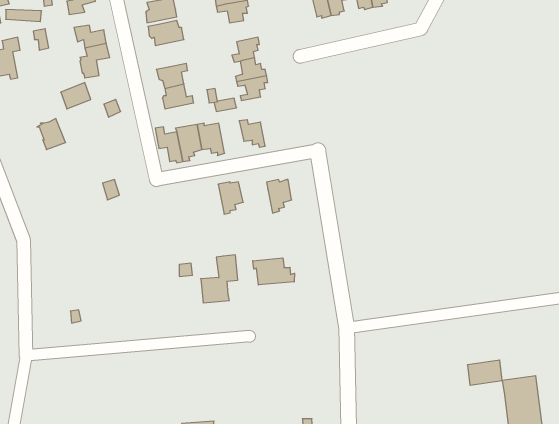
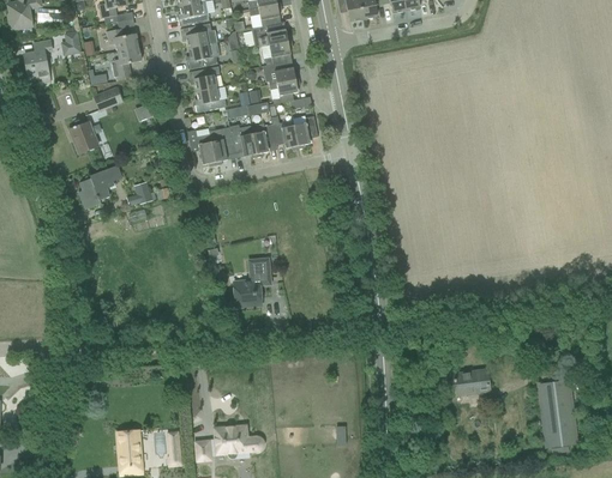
building: none -> [251,22,290,47]
building: none -> [186,42,218,68]
building: none -> [78,164,121,207]
building: [267,180,292,213] -> [292,115,317,149]
building: [218,182,243,214] -> [251,123,276,156]
building: [253,258,295,285] -> none
building: [467,360,502,385] -> [454,369,488,394]

